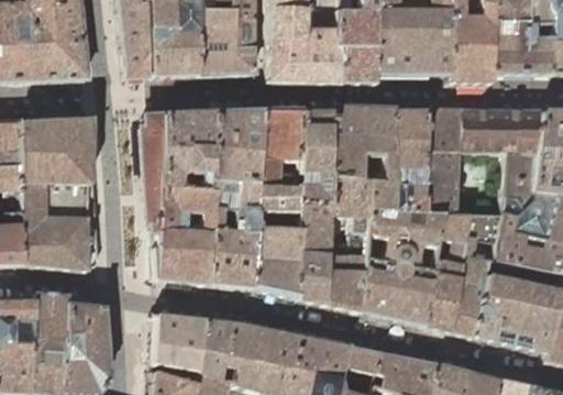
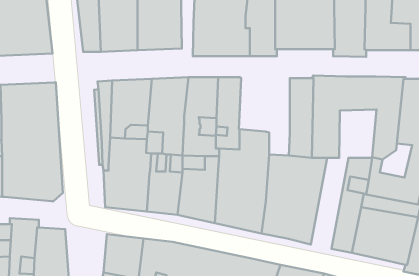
building: [325,106,393,211] -> none
building: [508,196,550,240] -> none
building: [419,215,467,332] -> none

